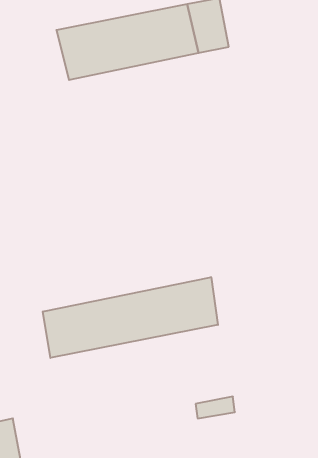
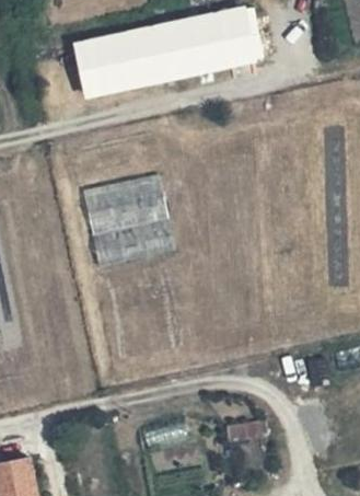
building: none -> [74,173,164,262]
building: [43,277,218,358] -> none

